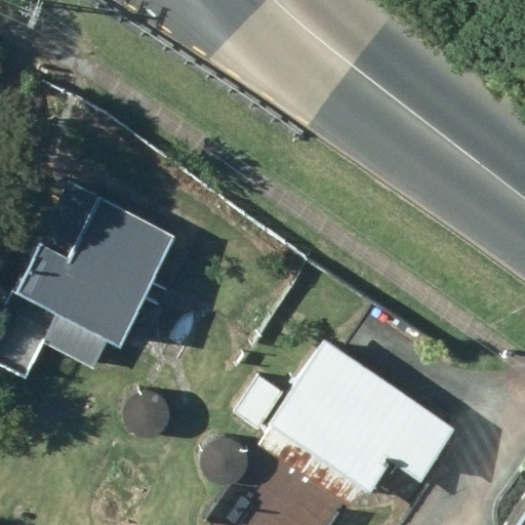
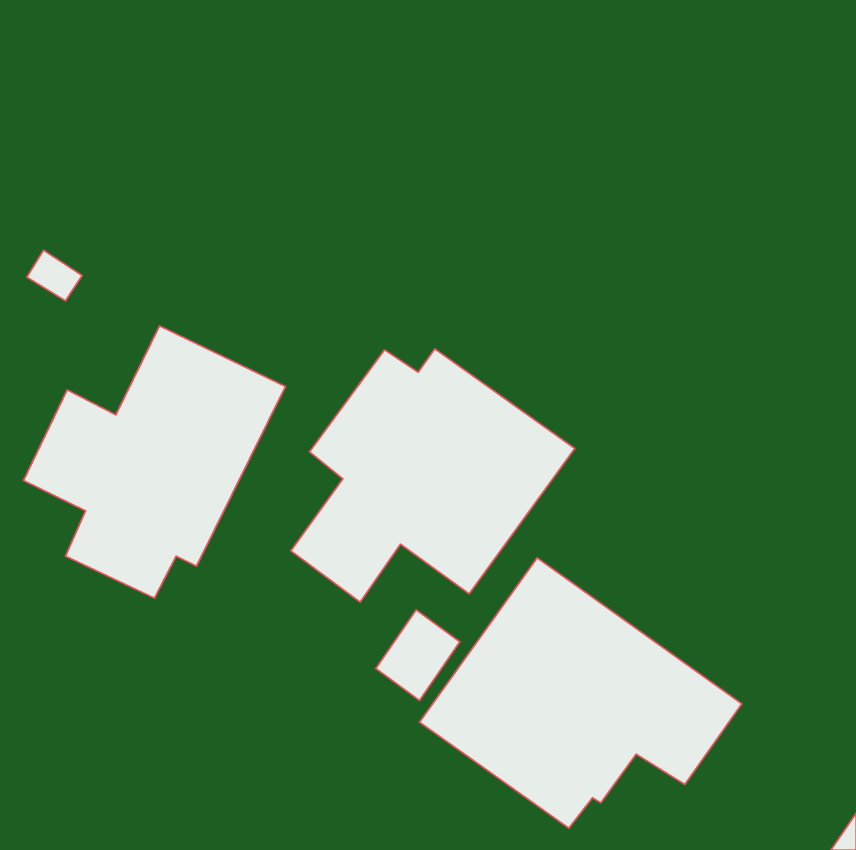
building: none -> [291,349,575,602]

